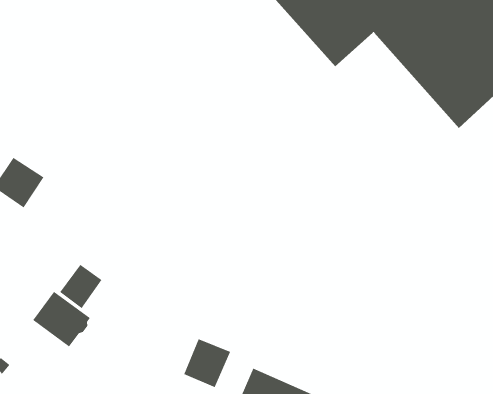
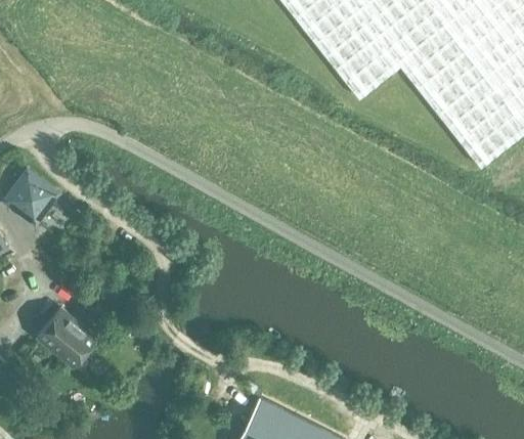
building: [59,264,103,309] -> none
building: [183,338,231,388] -> none

